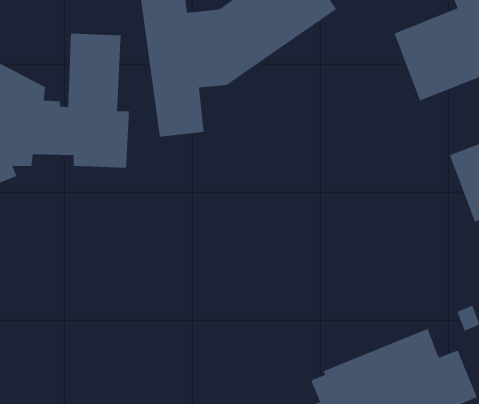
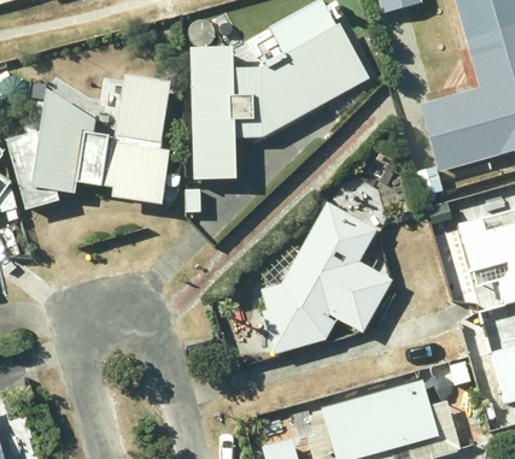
building: none -> [261,200,391,354]

